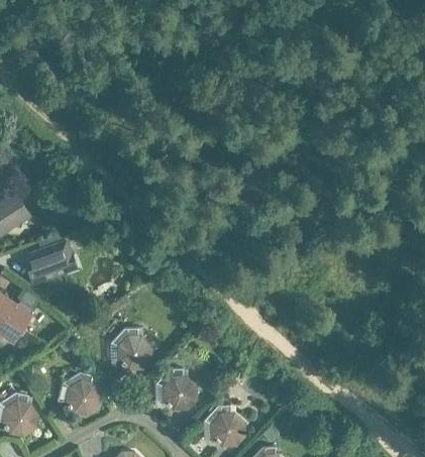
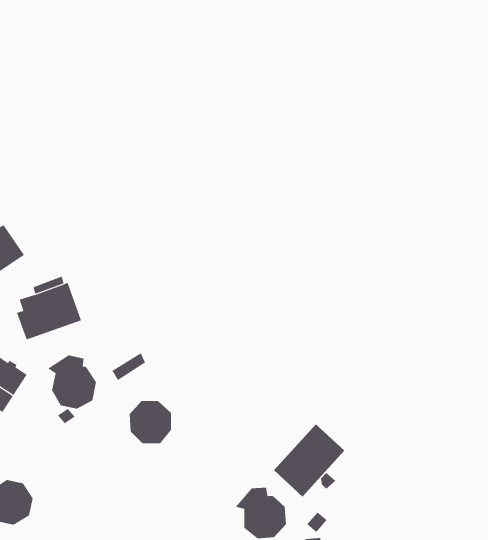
building: none -> [273,423,345,498]
building: [154,368,197,410] -> none
building: [62,371,102,416] -> [48,355,97,409]

